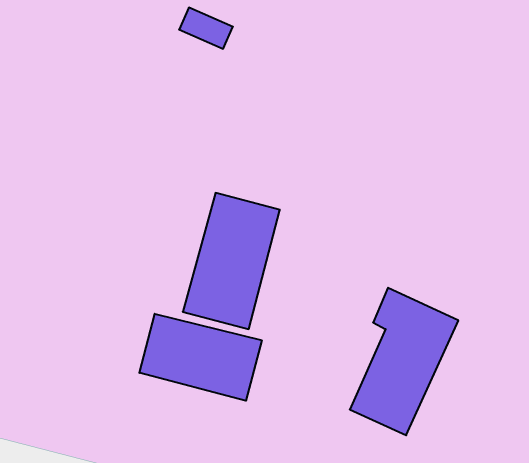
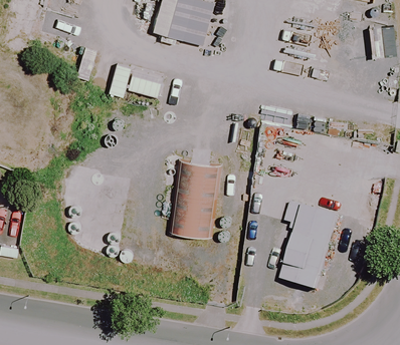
building: [139,314,262,401] -> none

